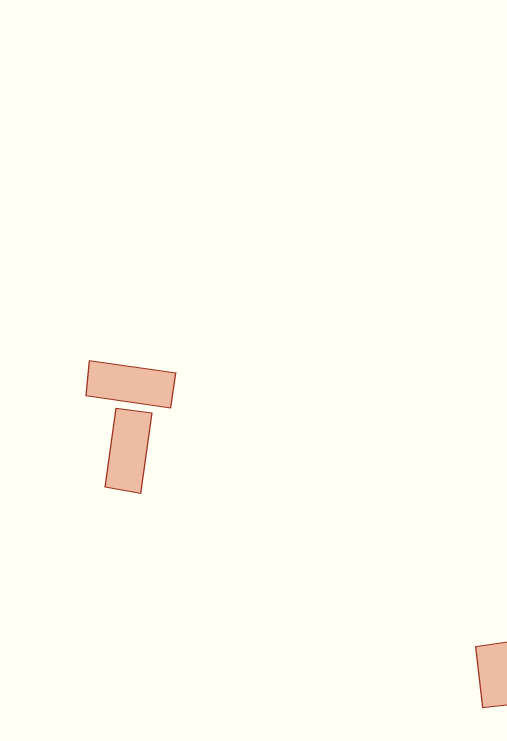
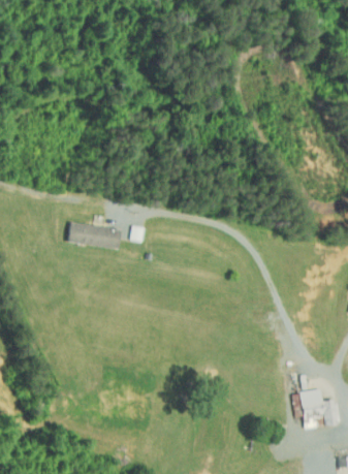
building: [105,408,152,493] -> none

